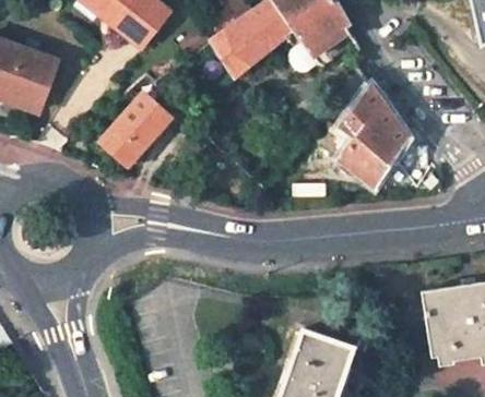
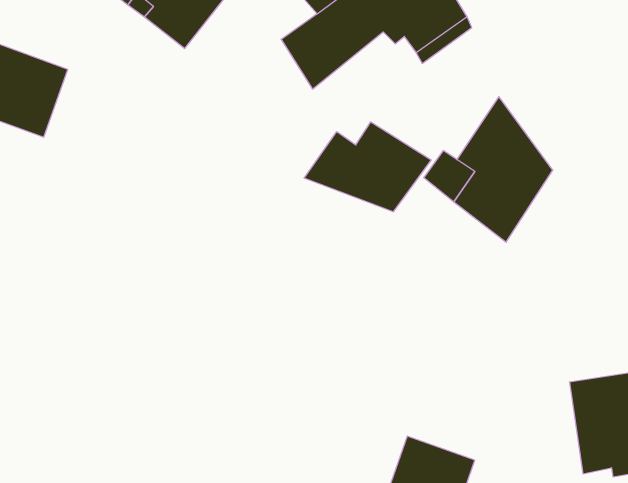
building: [99,94,169,166] -> none
building: none -> [304,122,431,212]

